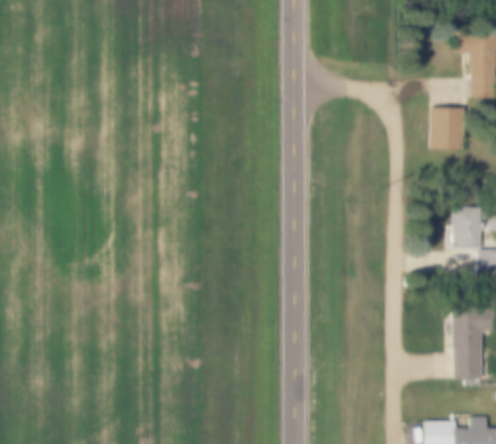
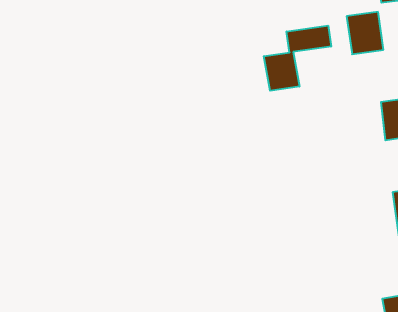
building: none -> [264,26,331,91]

